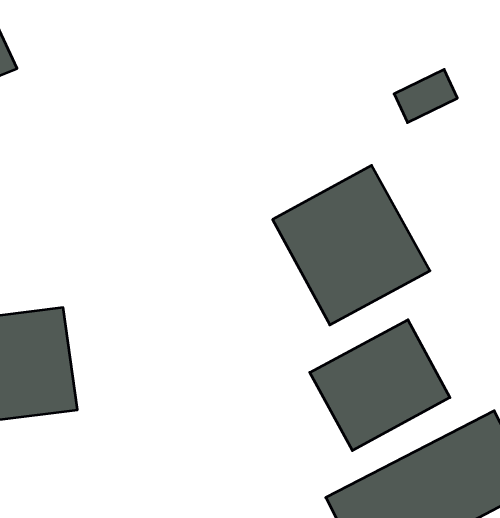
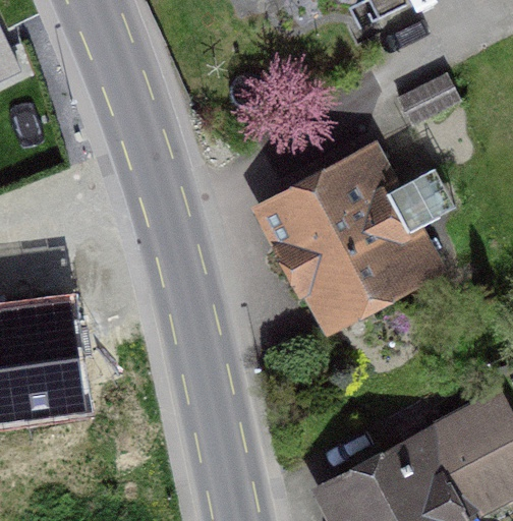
building: [310,320,450,451] -> none

